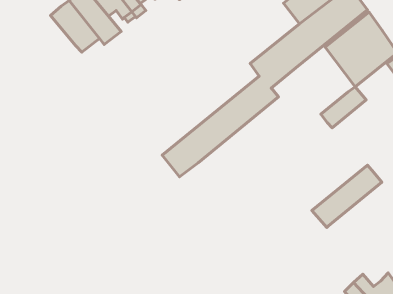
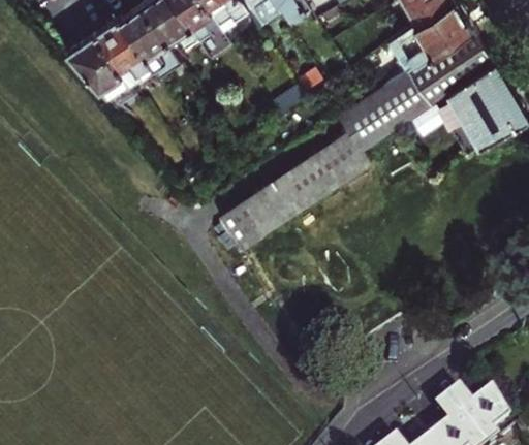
building: none -> [64,34,121,89]
building: [321,87,366,128] -> none
building: [312,165,382,228] -> none

